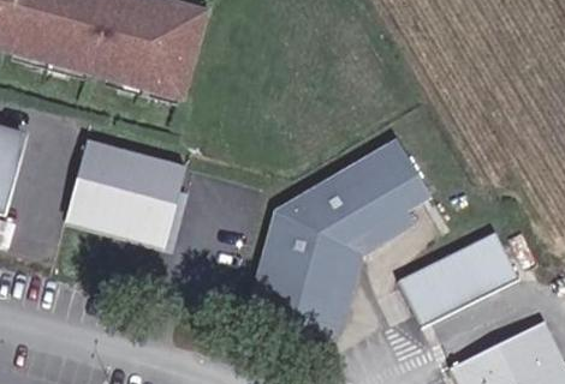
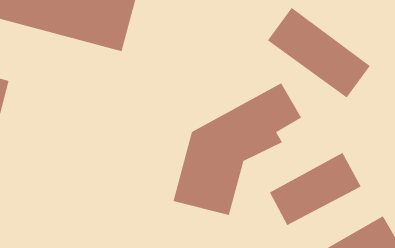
building: none -> [267,7,371,99]
building: [61,137,179,239] -> none

